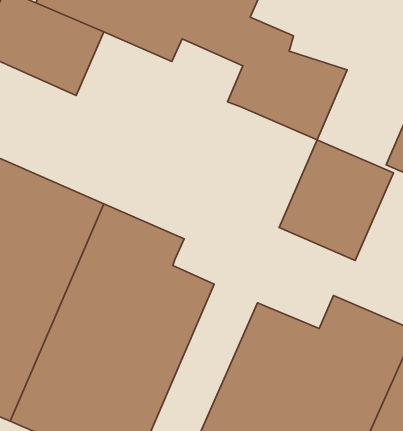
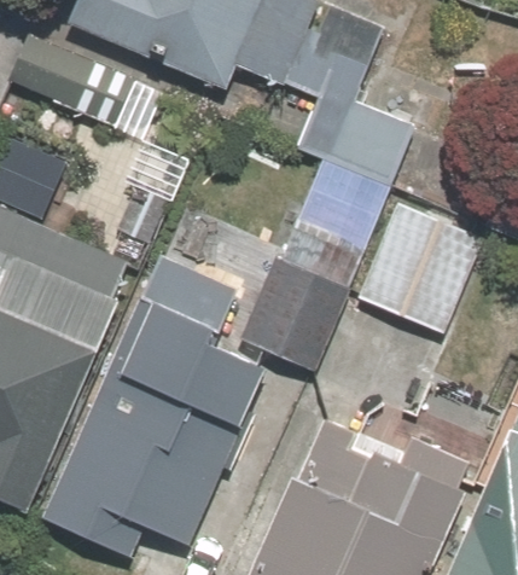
building: none -> [233,155,400,372]

